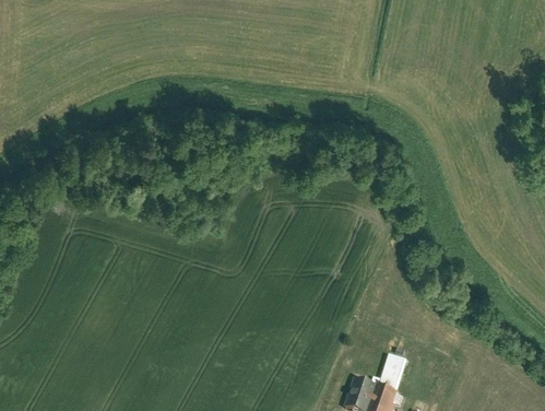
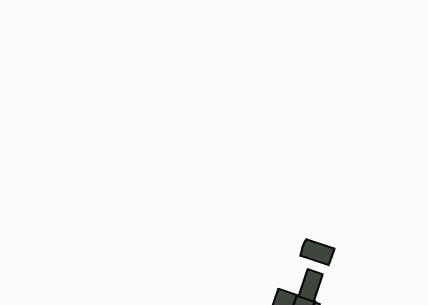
building: none -> [300,239,334,265]

